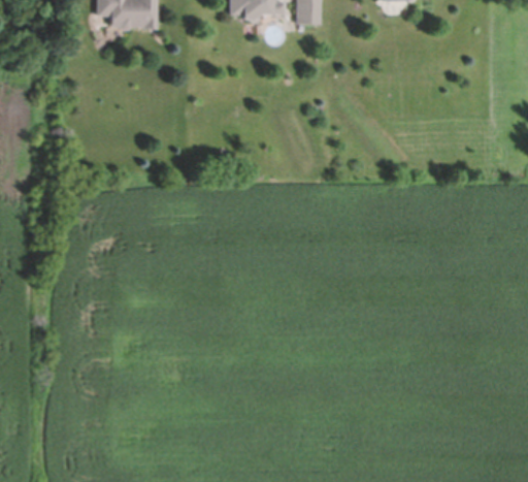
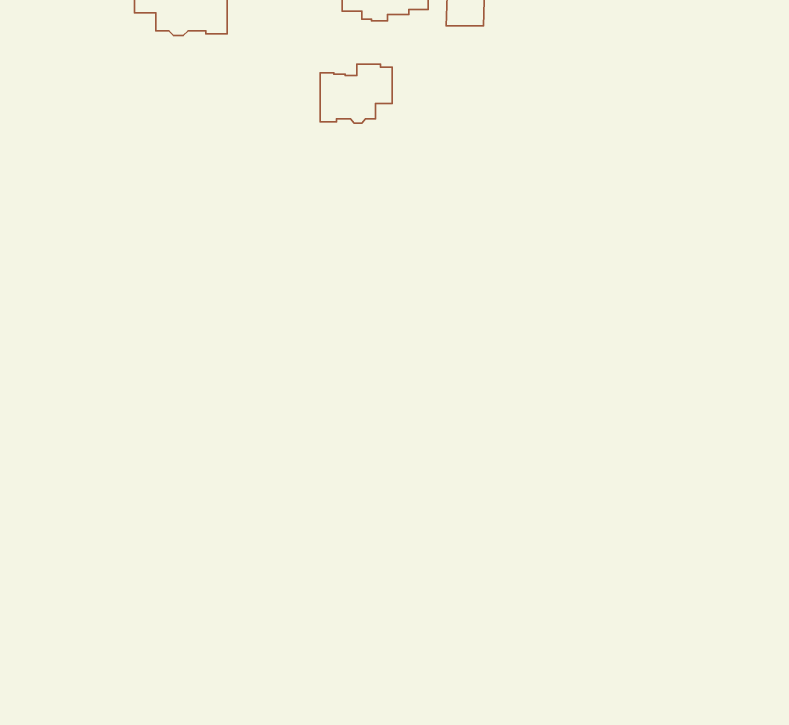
building: none -> [320,64,392,123]

